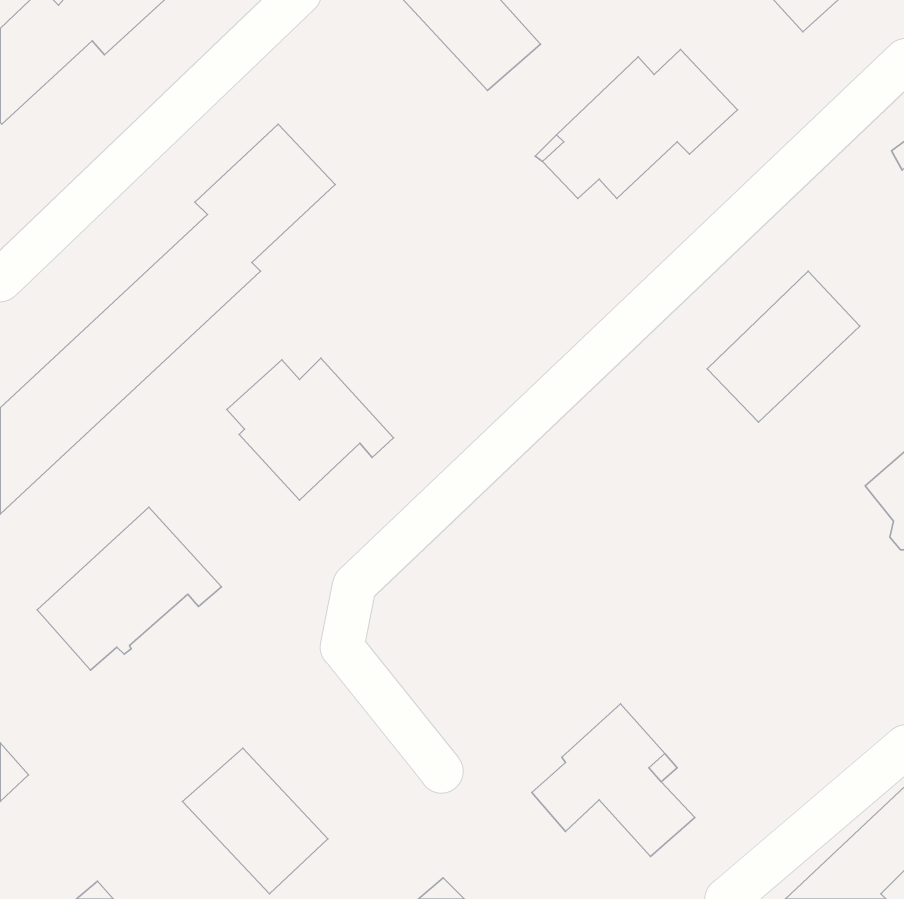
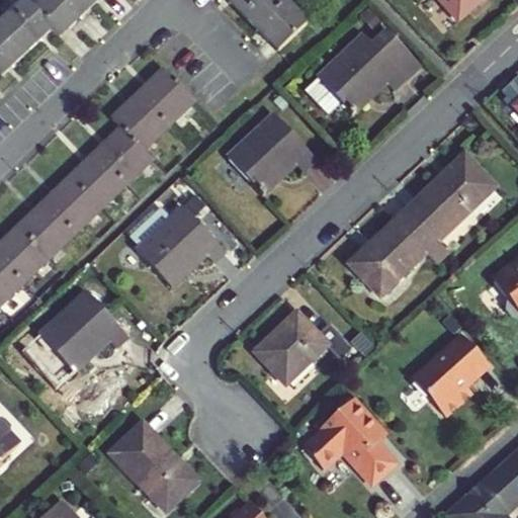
building: none -> [229,112,317,192]
building: none -> [348,210,444,296]
building: none -> [260,313,358,379]
building: none -> [416,335,492,415]

